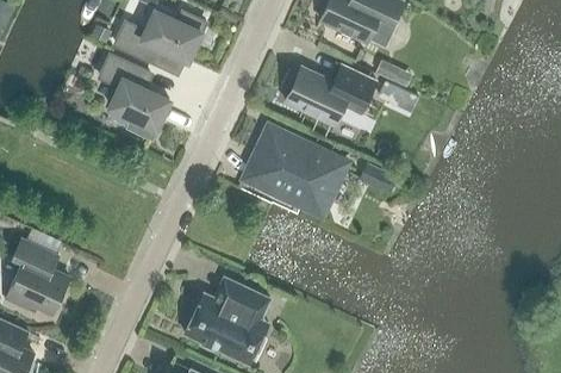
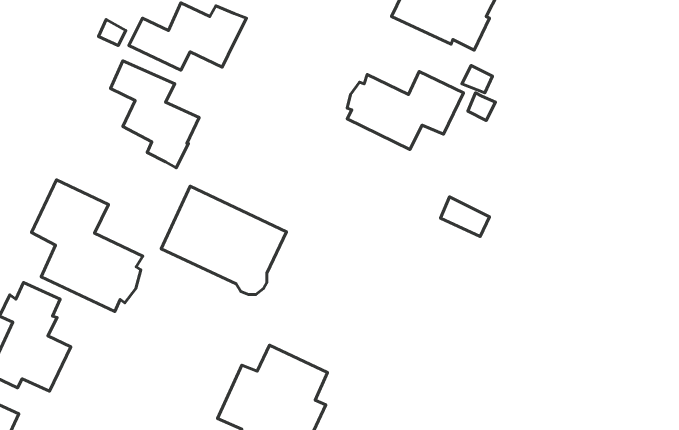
building: [247,129,344,213] -> [161,186,287,295]
building: none -> [32,180,143,311]

